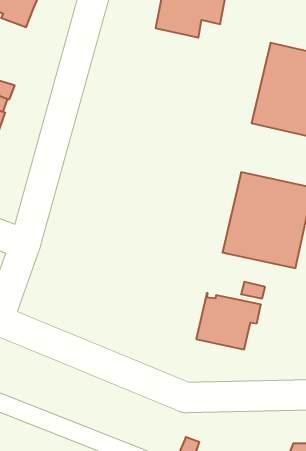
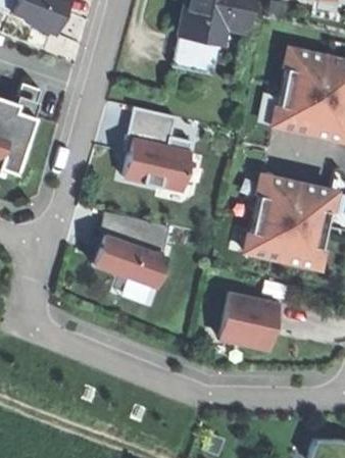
building: none -> [174,34,223,75]
building: none -> [126,108,193,189]
building: none -> [95,212,171,287]

